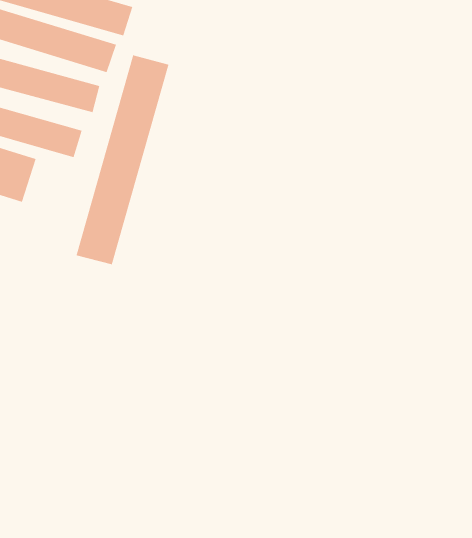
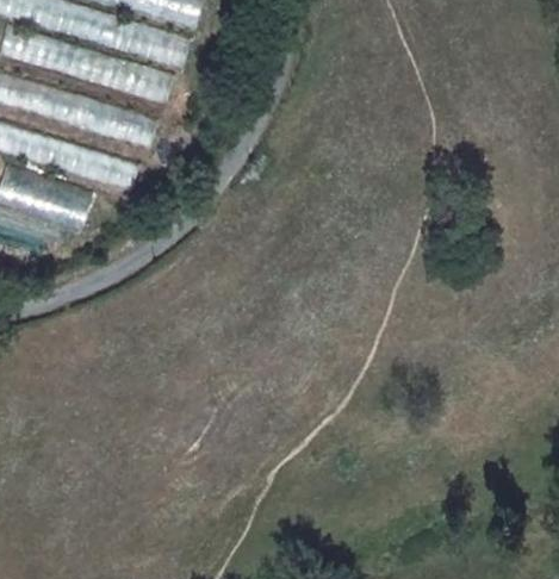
building: [76,55,169,265] -> none

